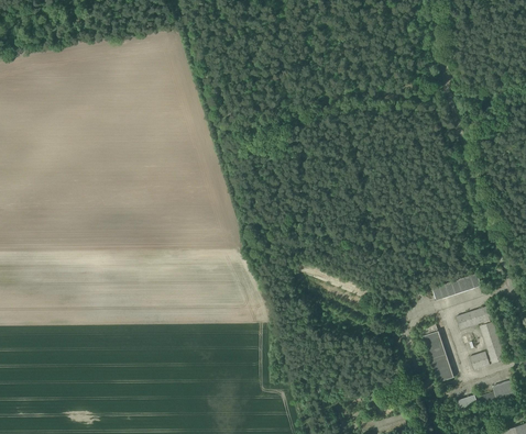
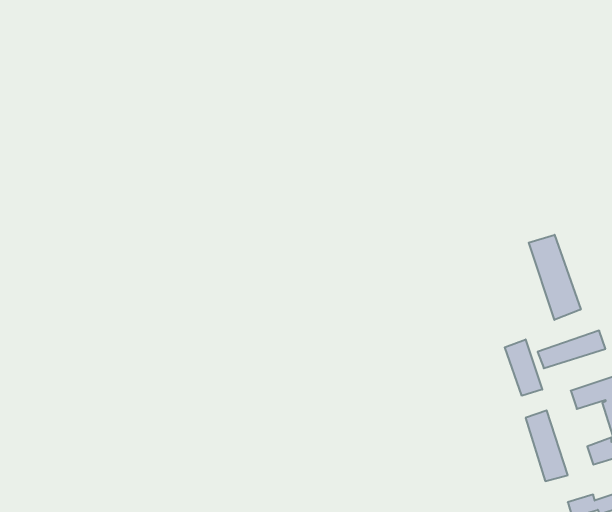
building: none -> [529,235,581,320]
building: none -> [505,339,542,396]

